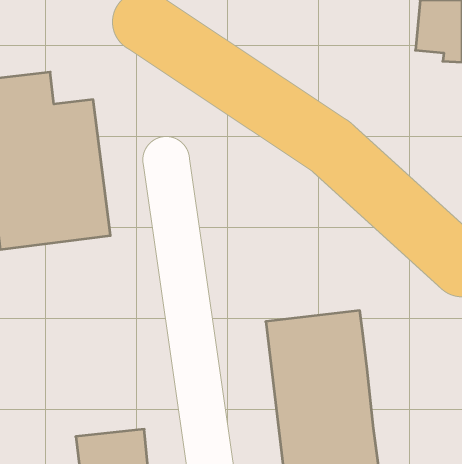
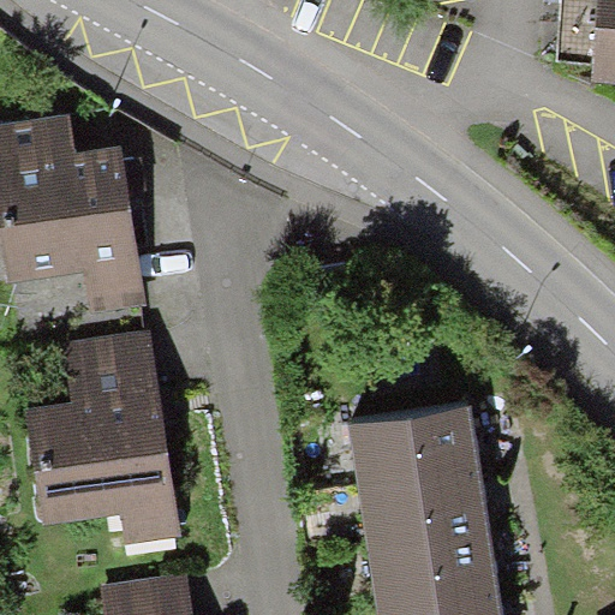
building: none -> [29,330,180,548]

